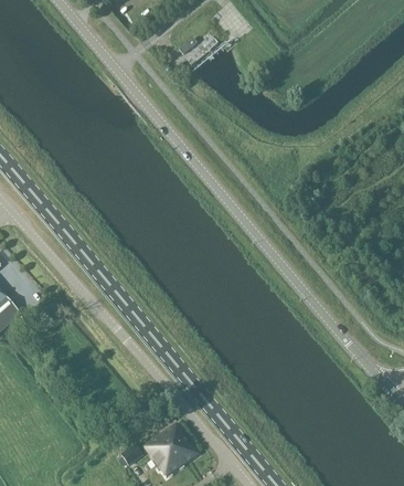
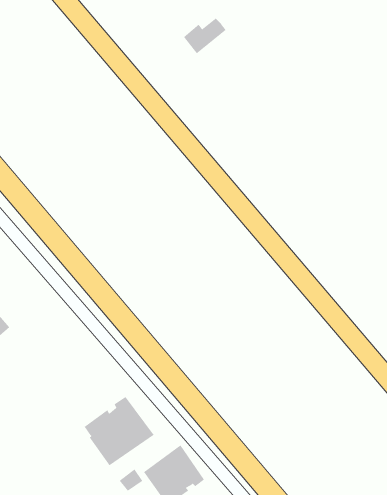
building: none -> [84,396,155,466]

